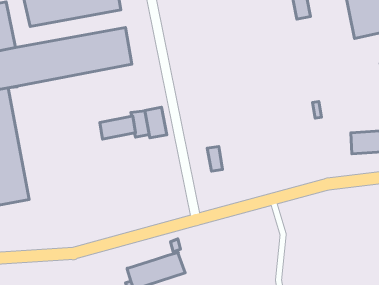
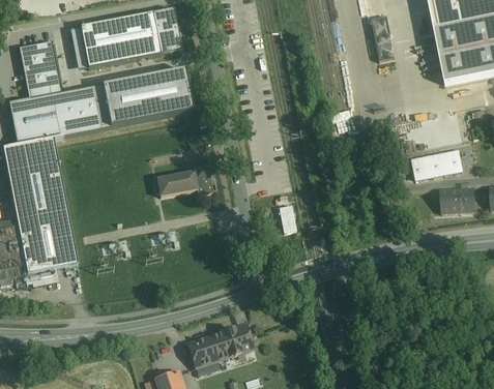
building: none -> [411,148,463,178]
building: [145,107,167,138] -> none

